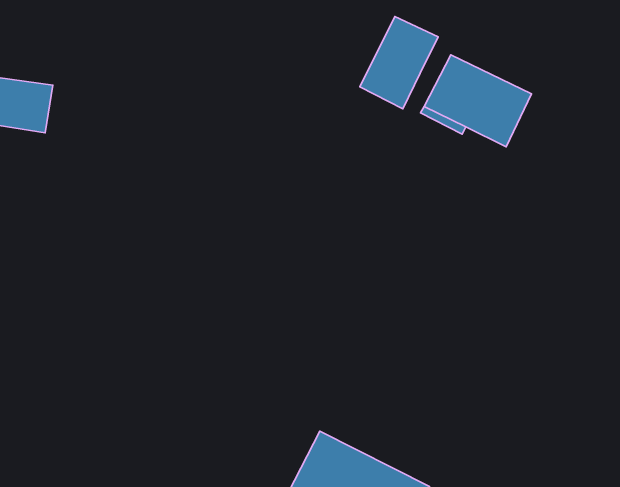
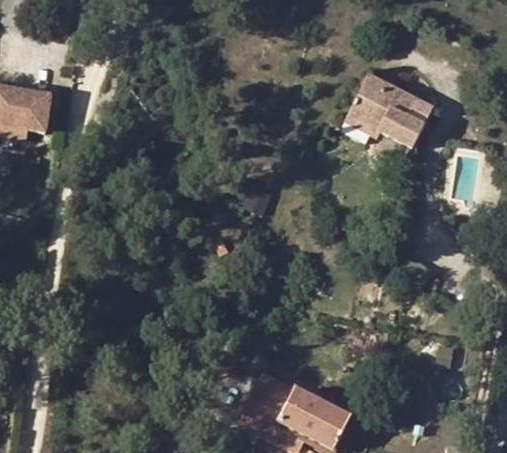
building: [360,16,438,109] -> none

